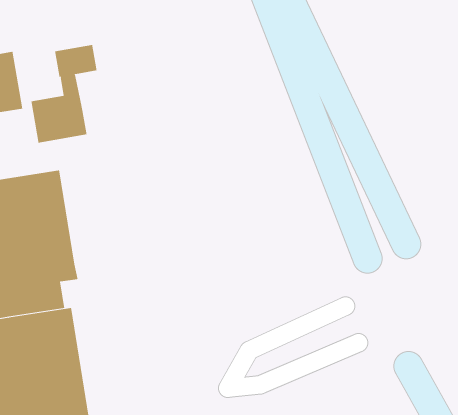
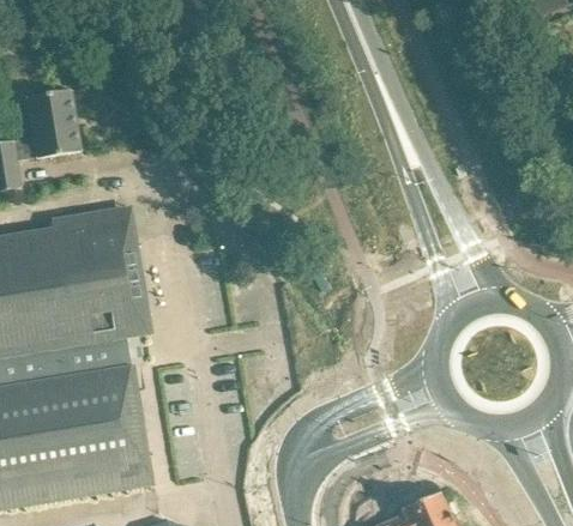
building: [31,44,97,144] -> none

